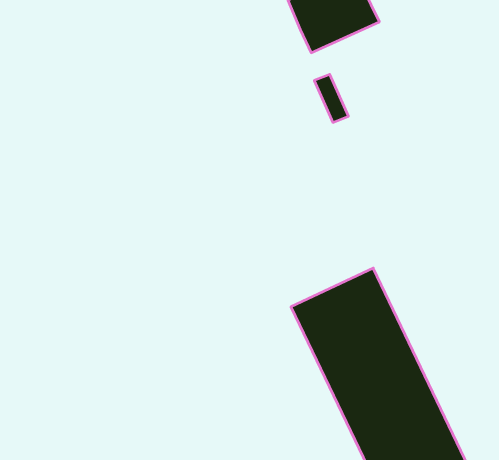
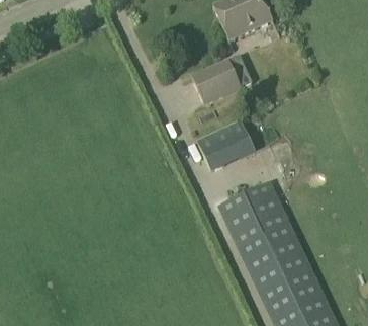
building: none -> [189,57,240,104]
building: none -> [199,120,255,169]

